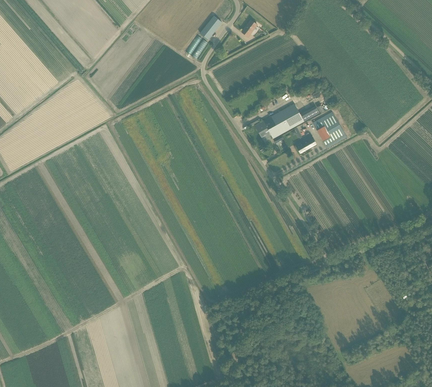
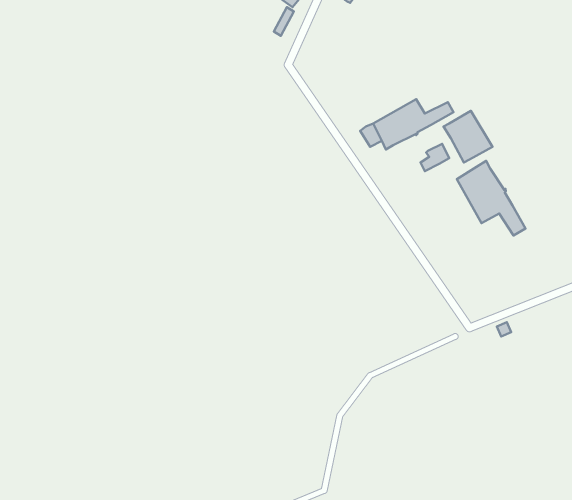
building: none -> [457,161,526,235]

